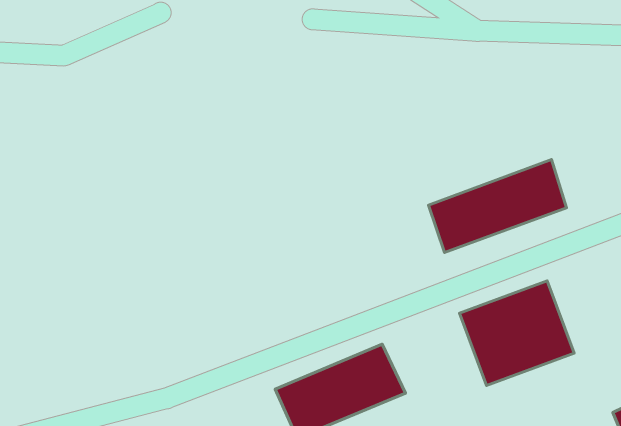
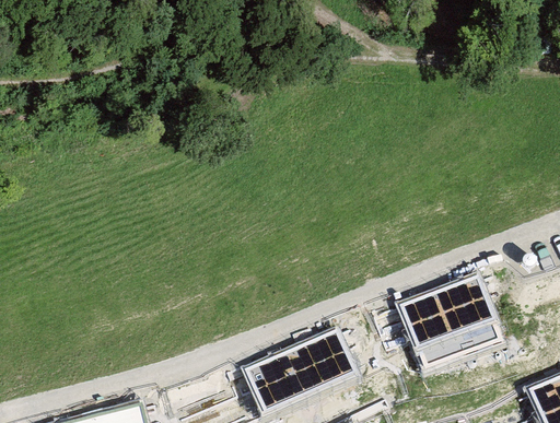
building: [429,159,567,253] -> none

